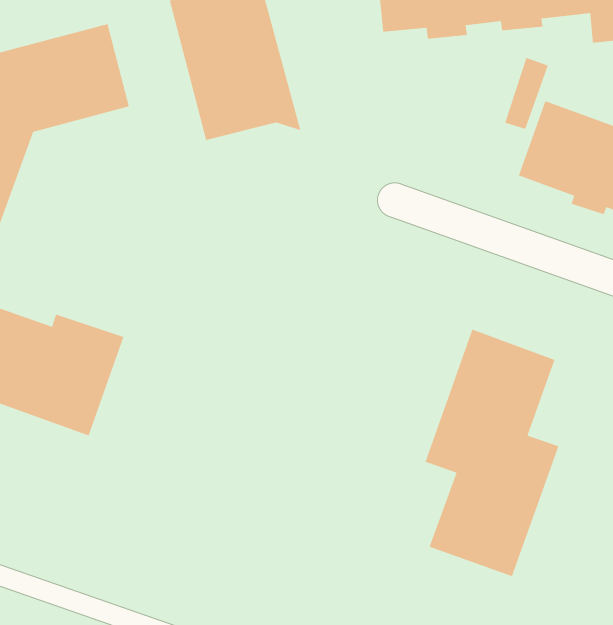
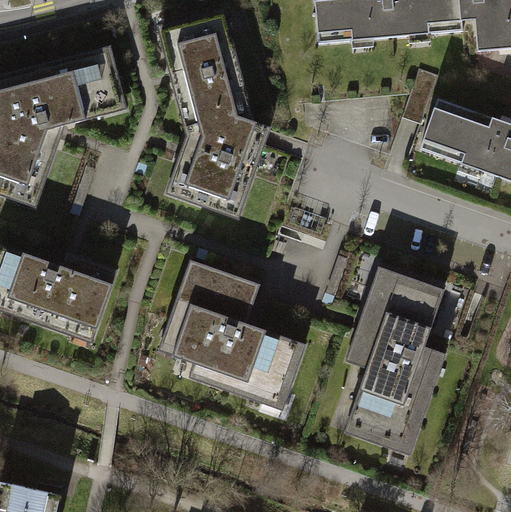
building: none -> [164,114,269,216]
building: none -> [158,258,310,412]

